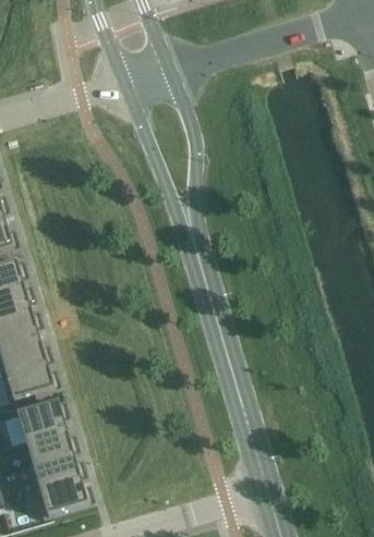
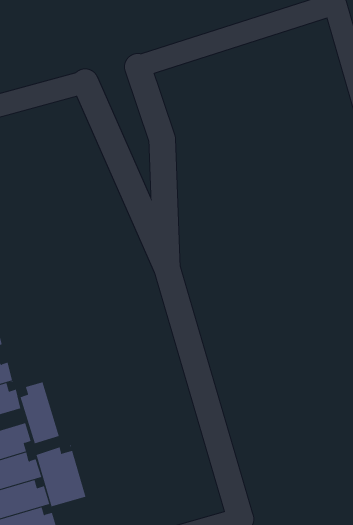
building: none -> [20,381,59,444]
building: none -> [36,444,86,507]

